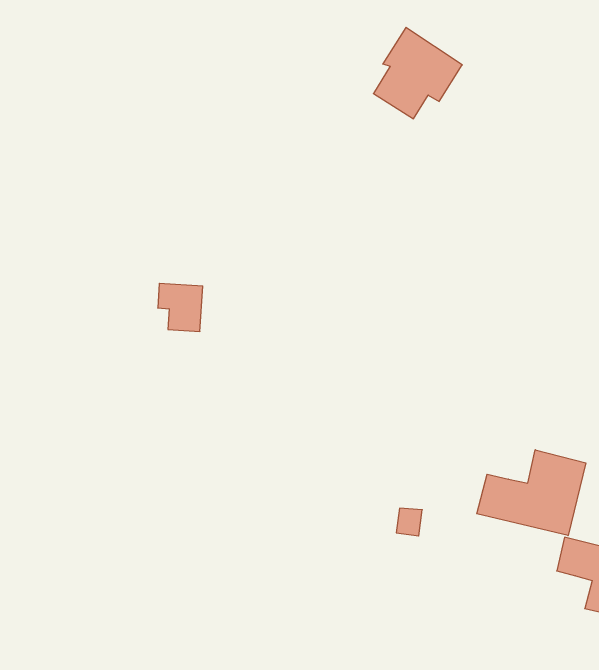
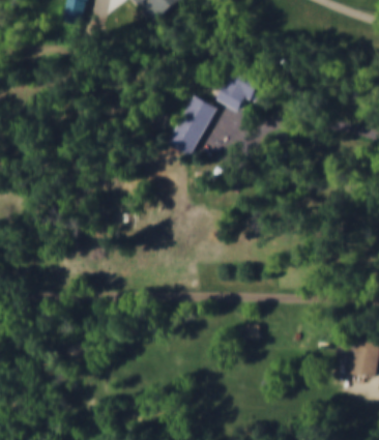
building: none -> [167,96,215,155]
building: [477,450,586,536] -> none

